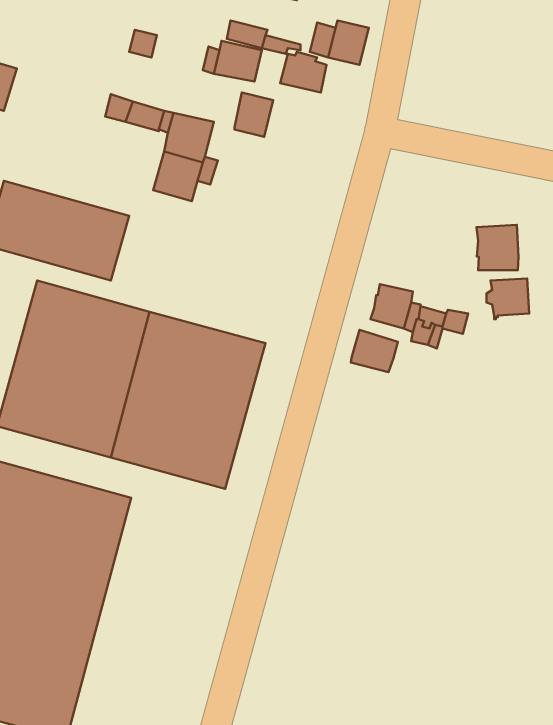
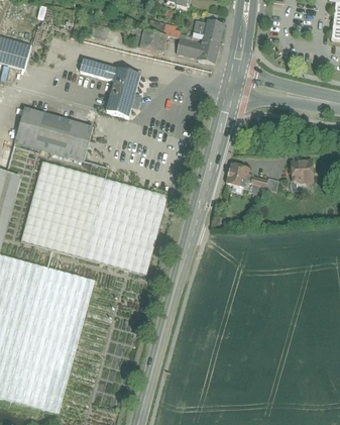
building: [235,93,273,137] -> [198,38,219,63]
building: [477,225,519,270] -> none
building: [351,330,398,372] -> none

